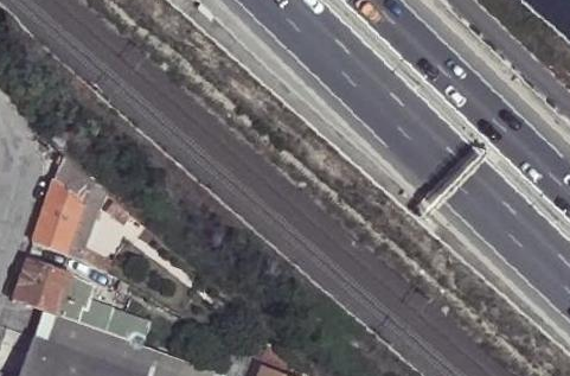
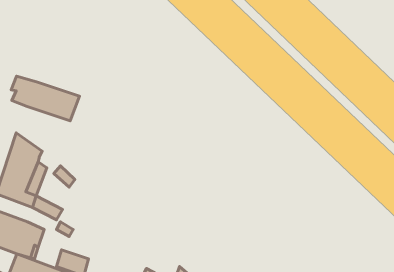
building: none -> [11,76,80,121]

